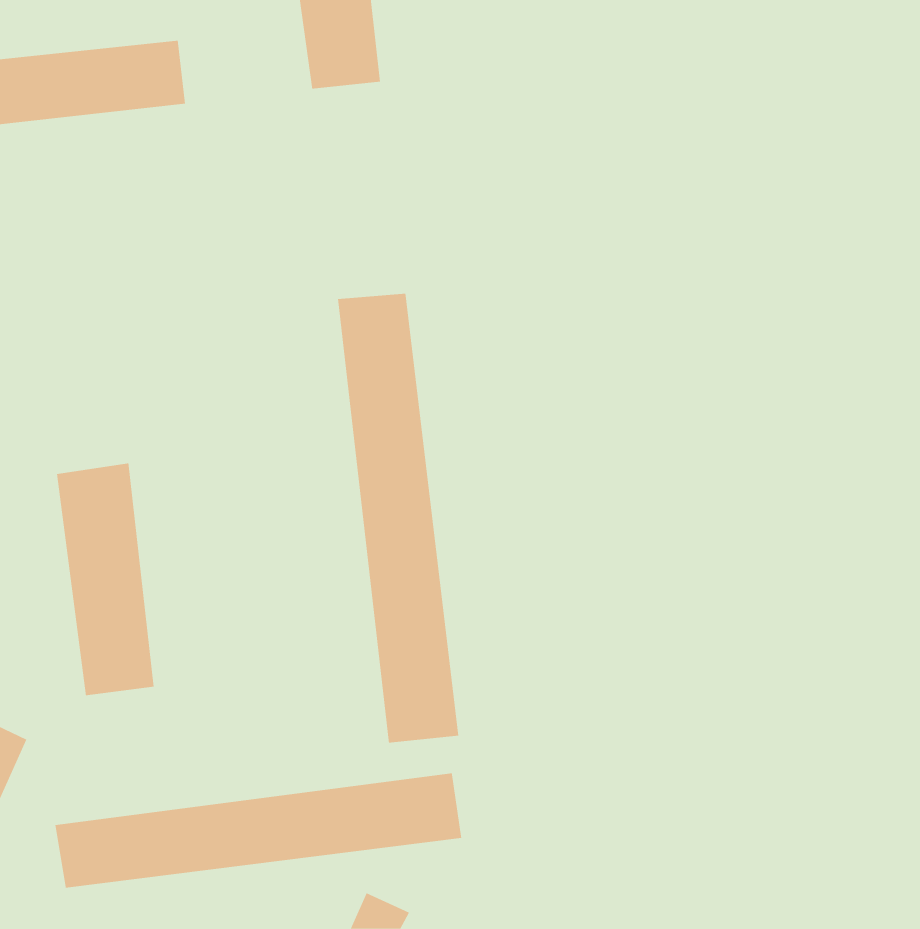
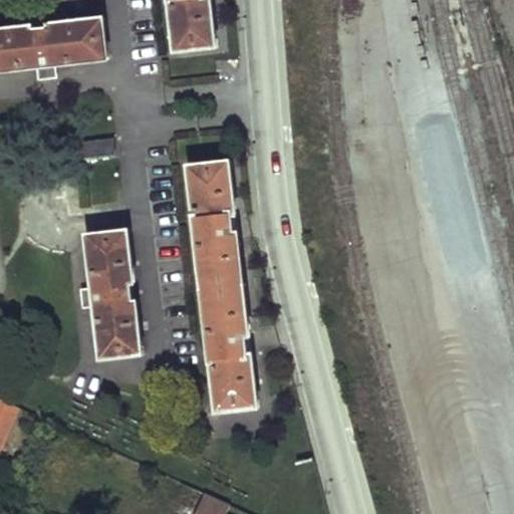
building: [56,463,155,696] -> [83,229,138,357]
building: [55,772,462,889] -> none

